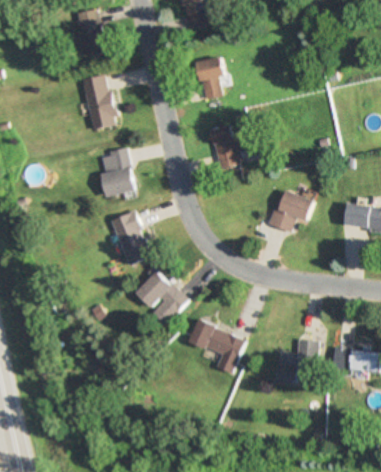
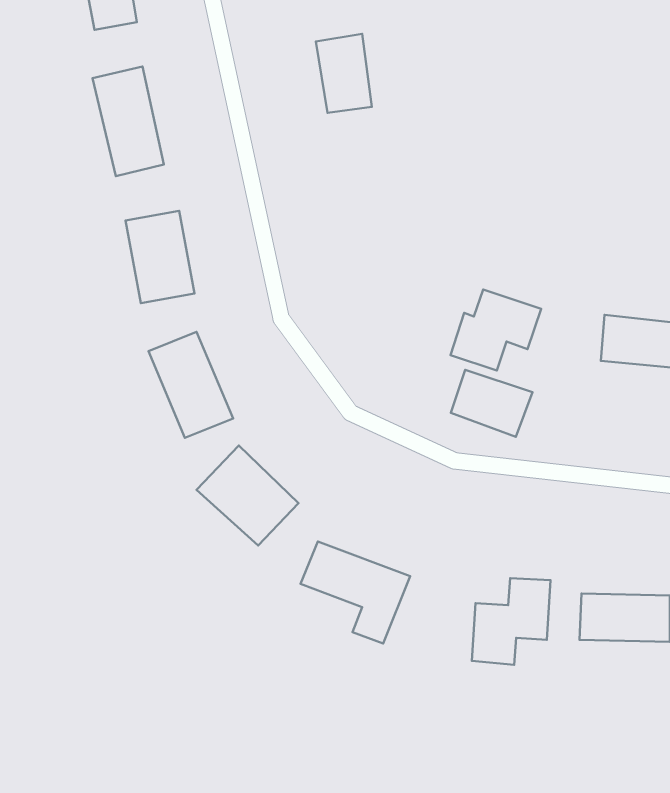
building: [211,124,250,169] -> none
building: none -> [451,370,532,437]

